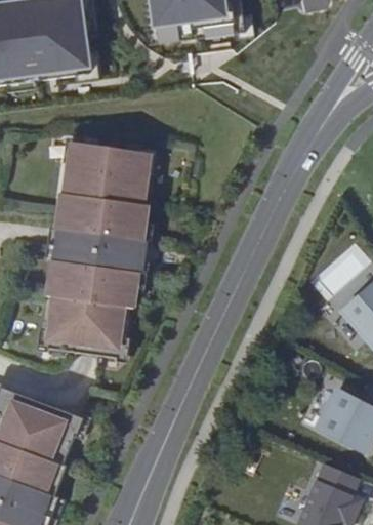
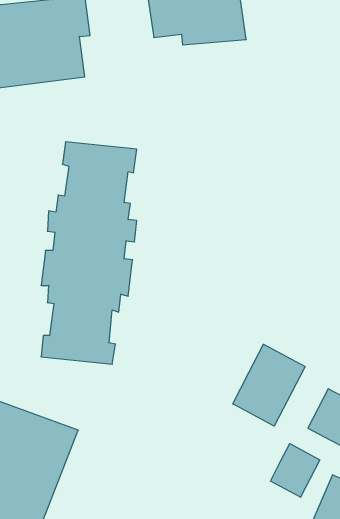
building: none -> [233,344,305,426]
building: none -> [270,444,320,497]

